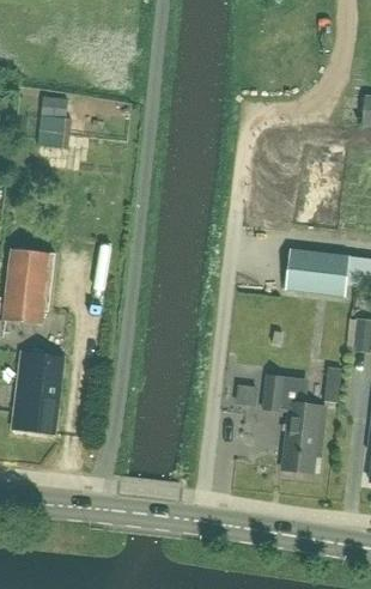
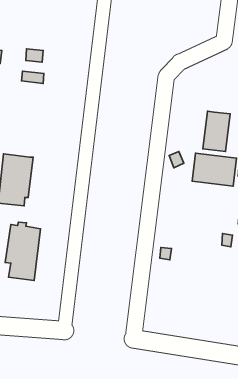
building: none -> [203,111,230,152]
building: [261,375,323,473] -> none

